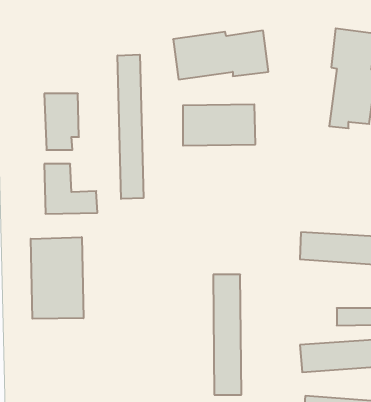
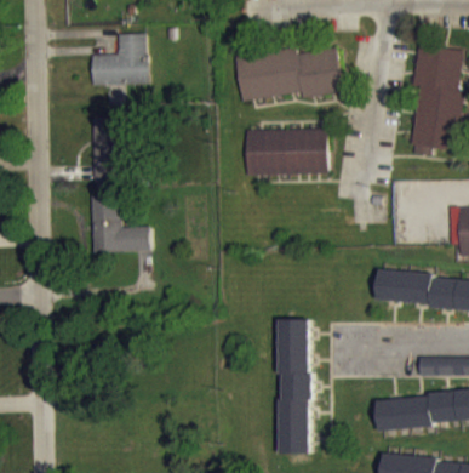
building: none -> [90,35,145,85]
building: [118,55,143,199] -> none
building: [31,237,83,319] -> none

